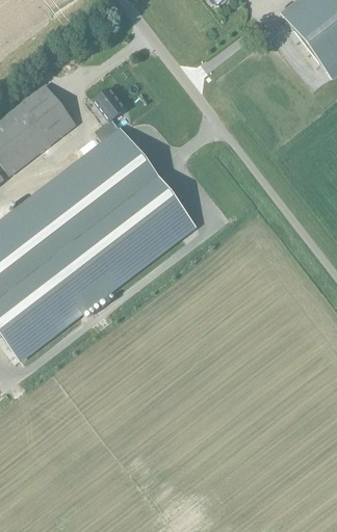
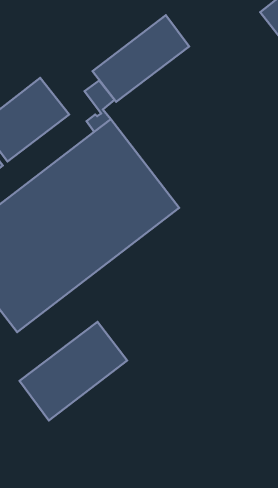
building: none -> [92,15,189,102]
building: none -> [20,322,127,421]

